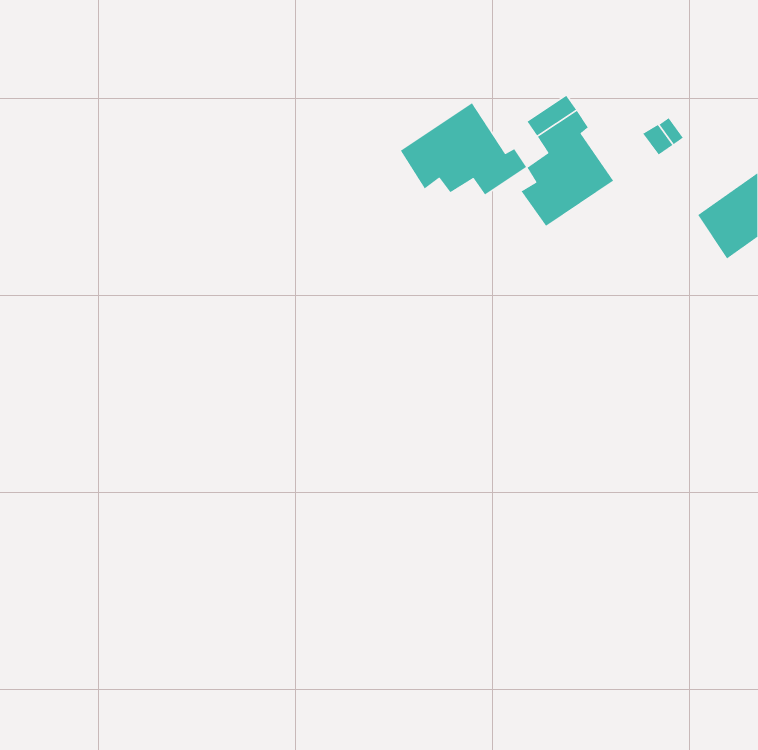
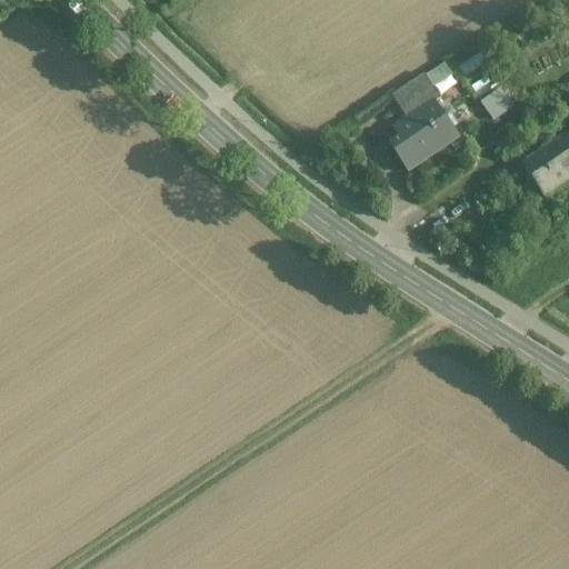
building: [400,102,527,196] -> none

